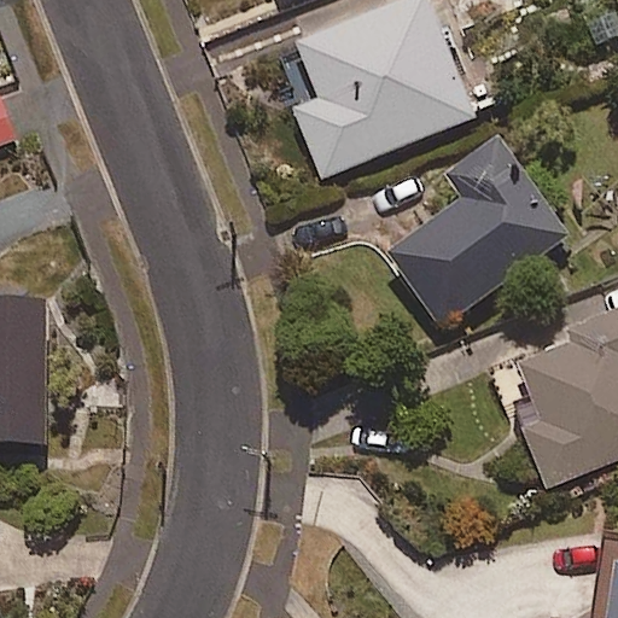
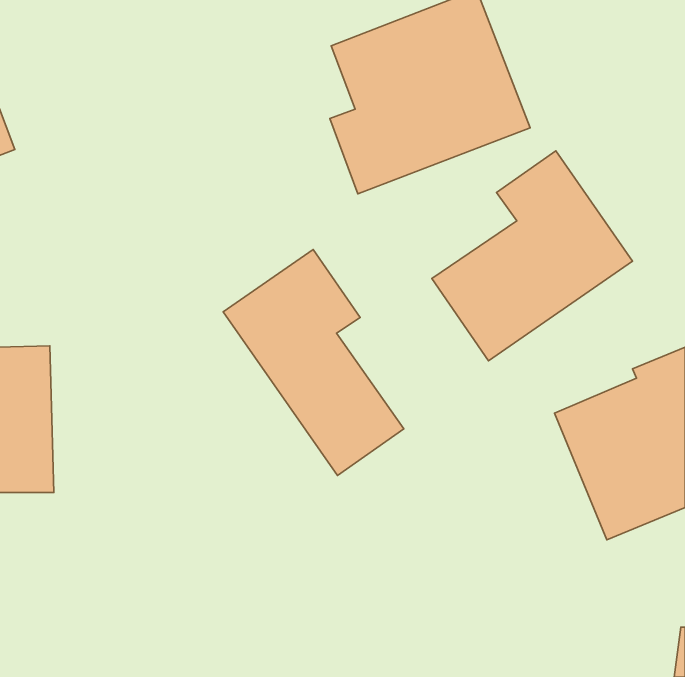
building: none -> [223,249,404,476]

